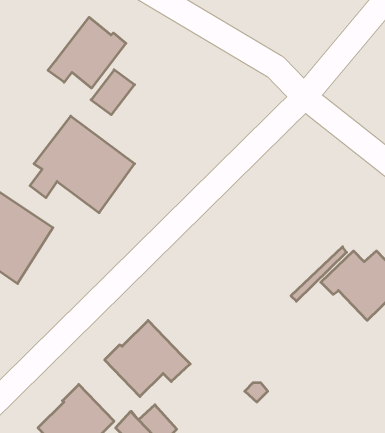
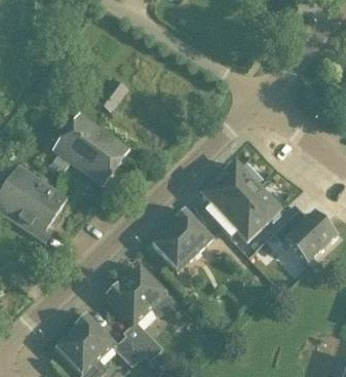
building: [48,17,126,88] -> none
building: none -> [201,163,279,241]
building: none -> [151,209,213,270]

